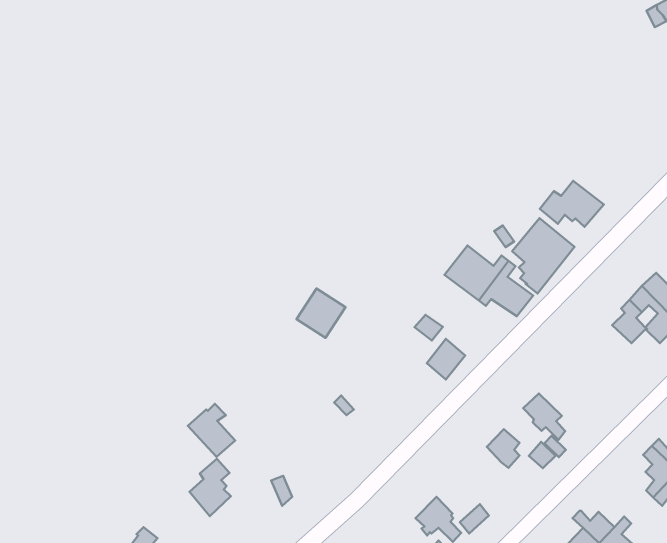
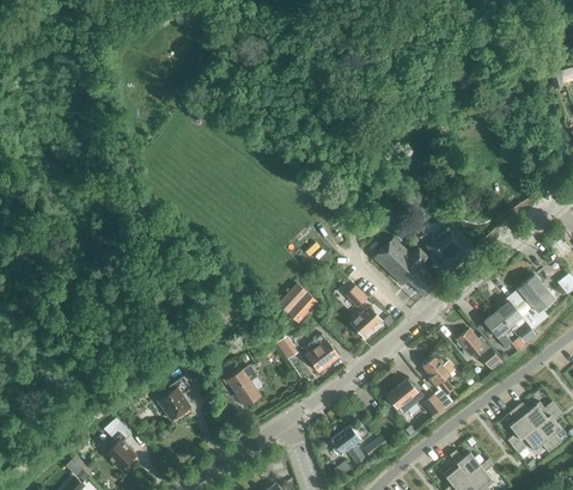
building: [540,181,604,227] -> none
building: [297,289,345,338] -> [279,284,317,323]
building: none -> [483,311,512,348]
building: none -> [457,329,500,368]
building: none -> [305,333,340,372]
building: [188,404,235,457] -> [225,365,260,405]

